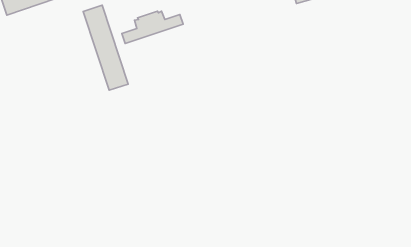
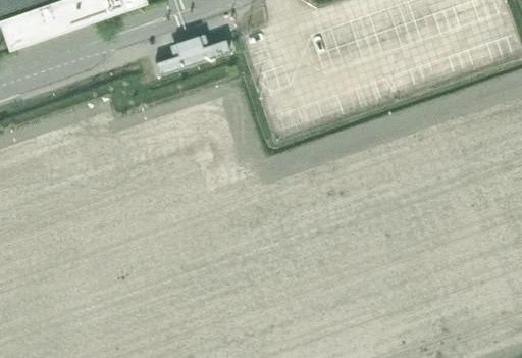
building: [83,5,128,90] -> none

